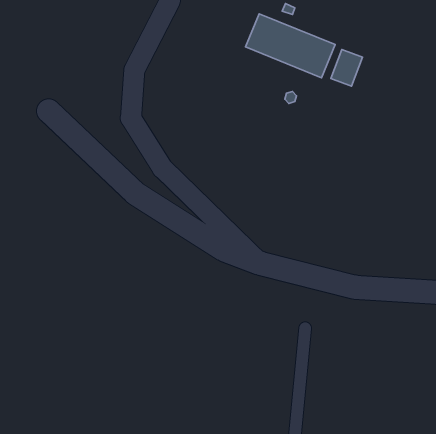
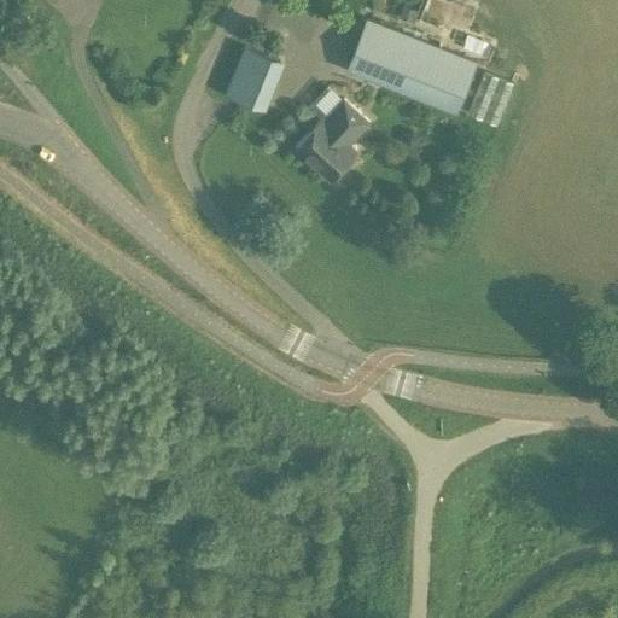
building: none -> [228,48,282,107]
building: none -> [297,100,371,181]

